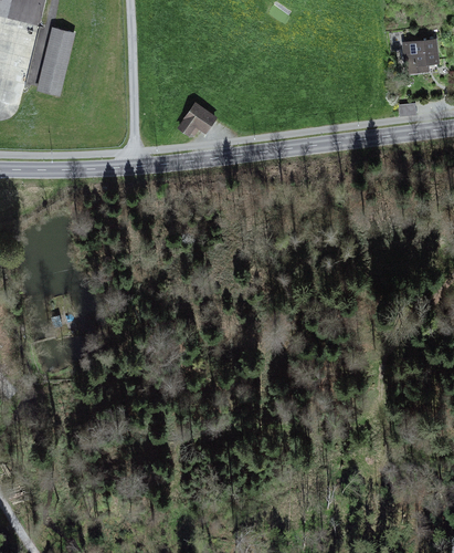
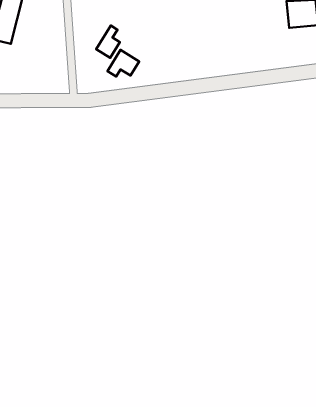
building: none -> [96,26,120,58]

